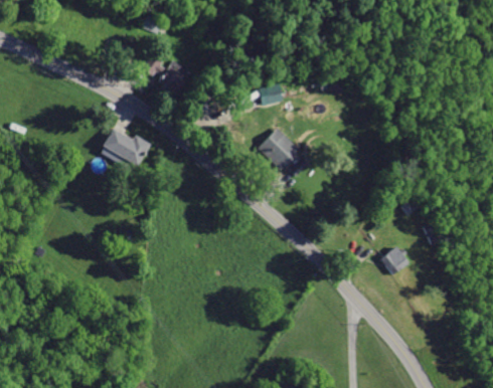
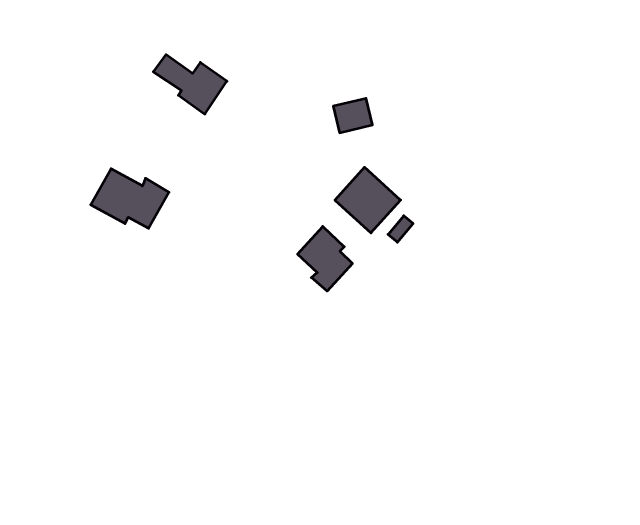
building: none -> [298,226,352,291]
building: [381,246,408,274] -> none

